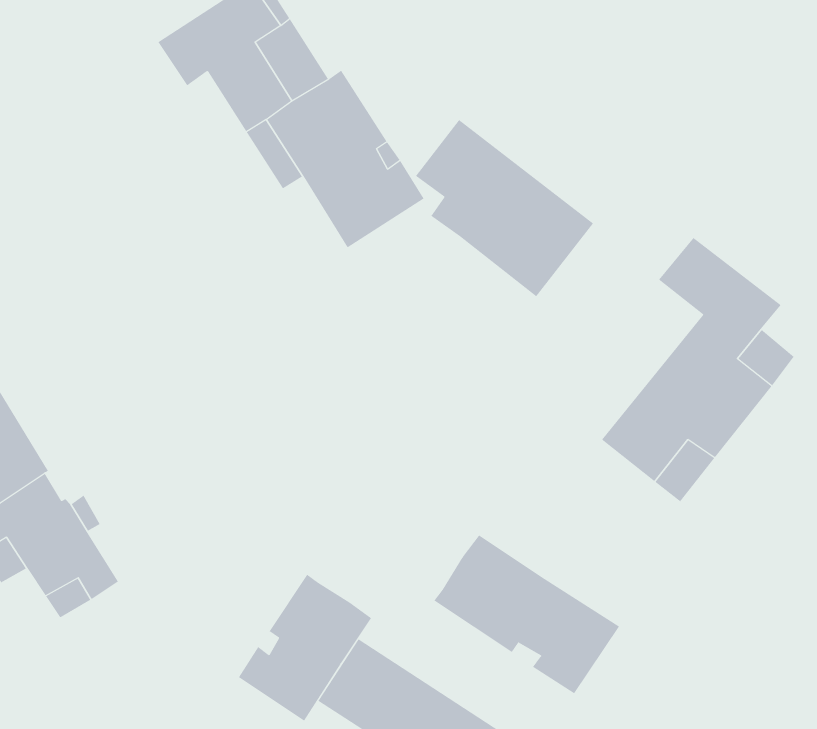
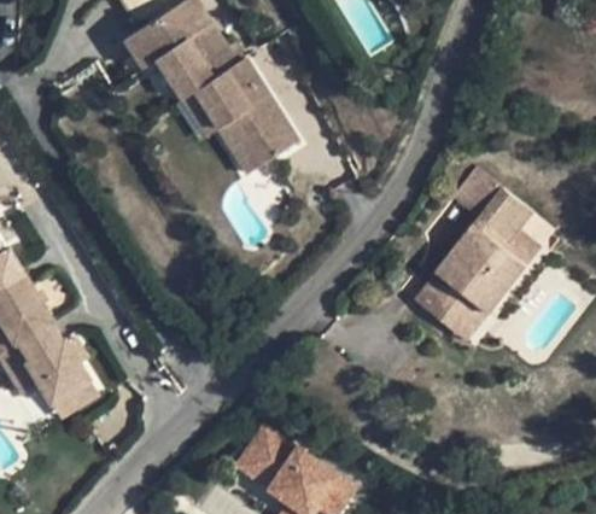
building: [415,119,594,297] -> none
building: [434,534,620,694] -> none
building: [238,574,372,721] -> none

